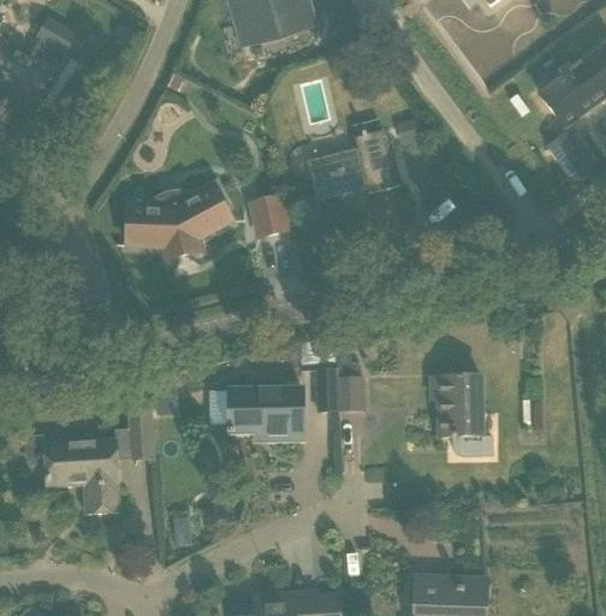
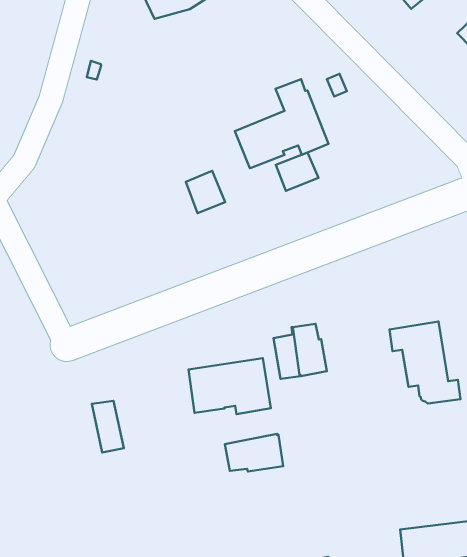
building: [126,180,230,259] -> none
building: none -> [276,153,319,191]
building: [43,439,118,514] -> none
building: none -> [225,434,283,472]

